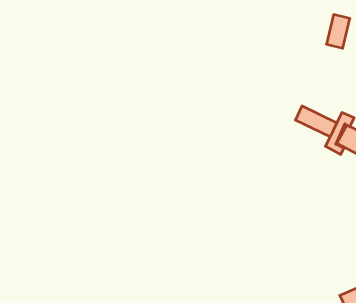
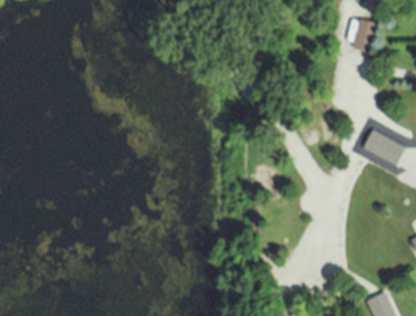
building: [295,106,337,137] -> none

